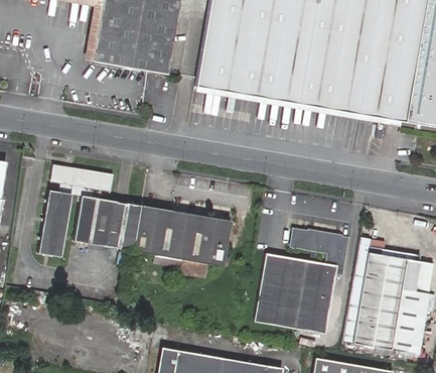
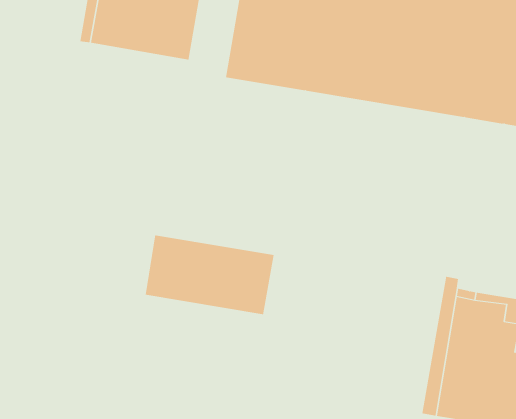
building: [38,164,141,257] -> none
building: [254,228,348,334] -> none

